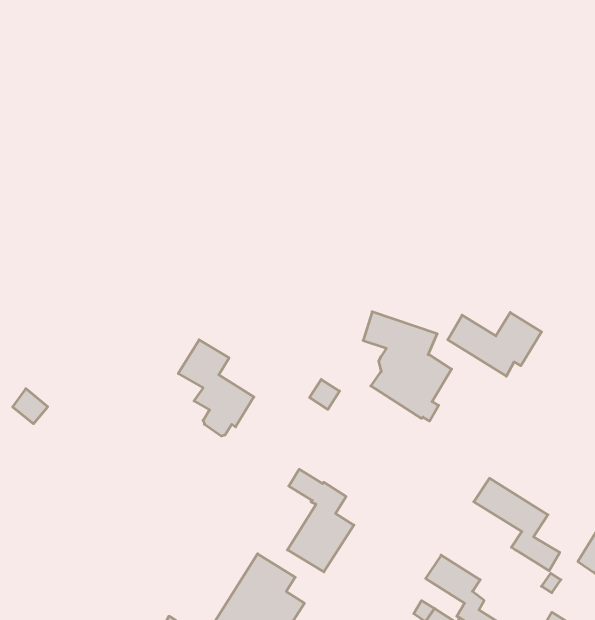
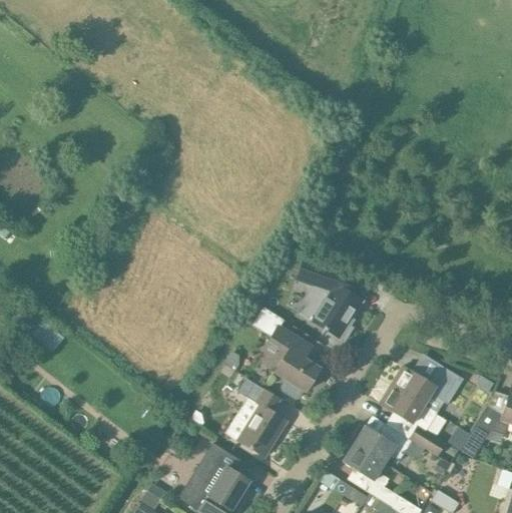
building: [448,312,542,376] -> [391,365,463,414]
building: [178,340,254,436] -> [262,326,320,400]
building: none -> [354,424,411,464]

